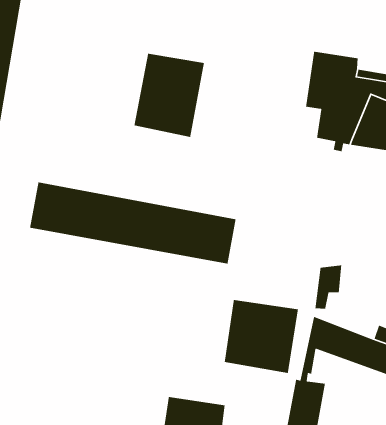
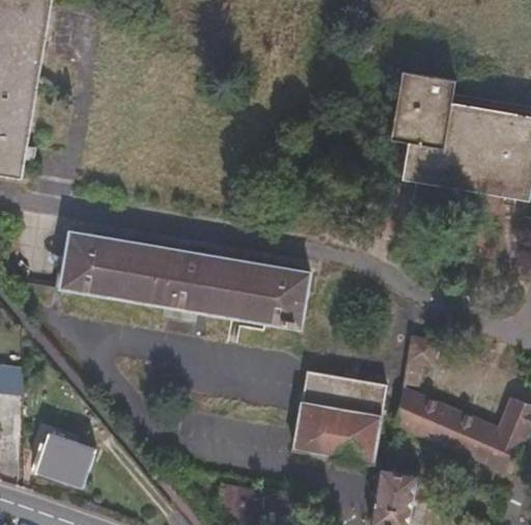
building: [133,53,205,138] -> none
building: none -> [32,437,94,492]

